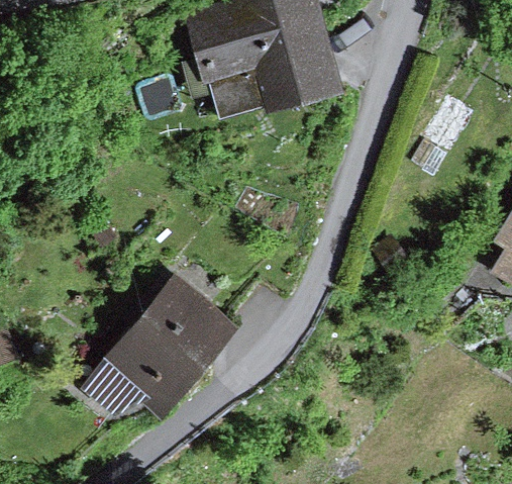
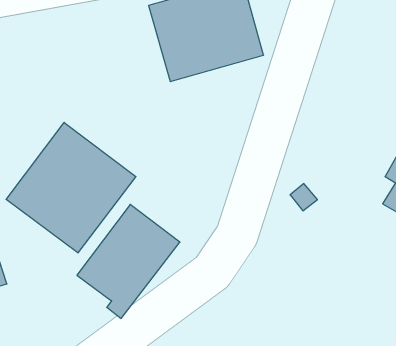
building: none -> [6,122,136,253]

